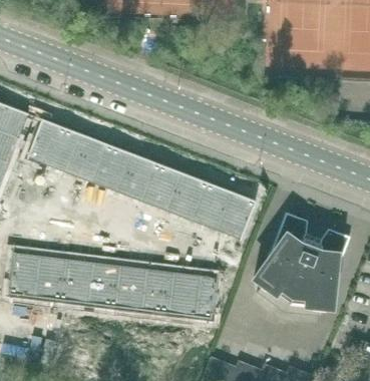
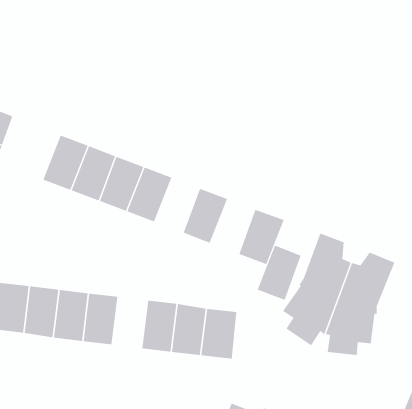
building: [28,118,67,166] -> none
building: [147,164,186,212] -> none
building: [195,182,233,230] -> [257,245,302,300]
building: [111,266,141,310] -> none

